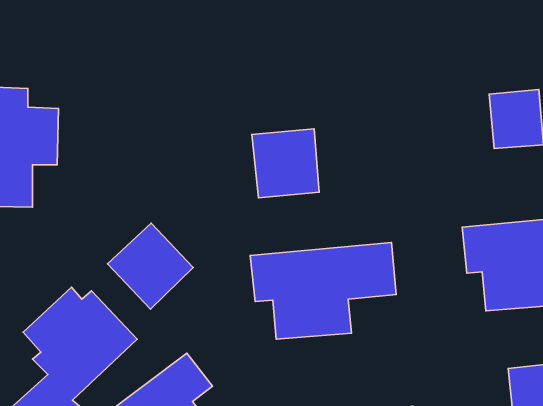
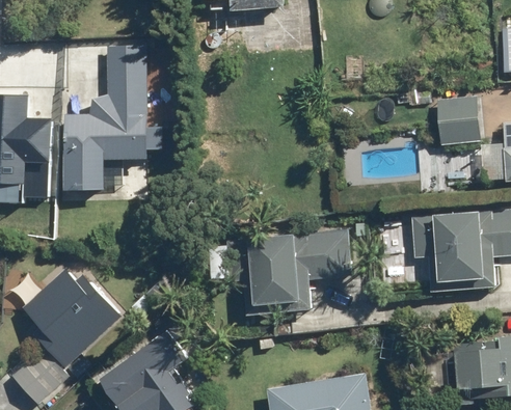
building: none -> [61,45,163,191]
building: [252,129,319,198] -> none
building: [108,223,193,309] -> none

